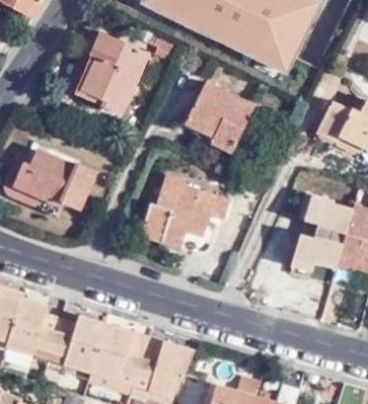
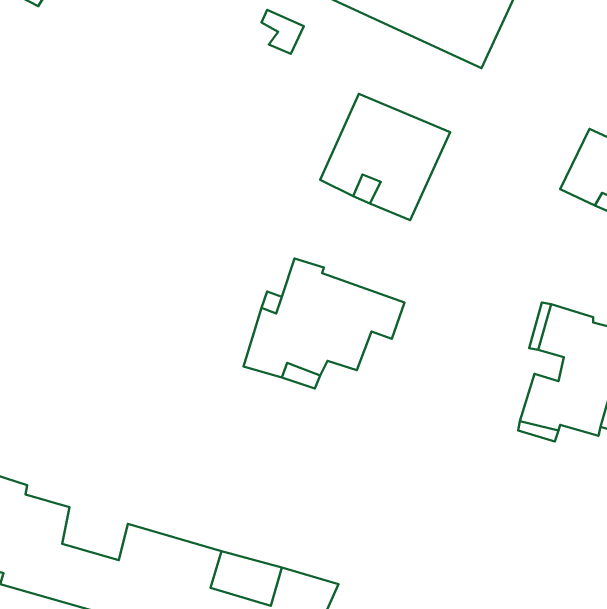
building: [80,32,147,115] -> none
building: [15,146,97,205] -> none

